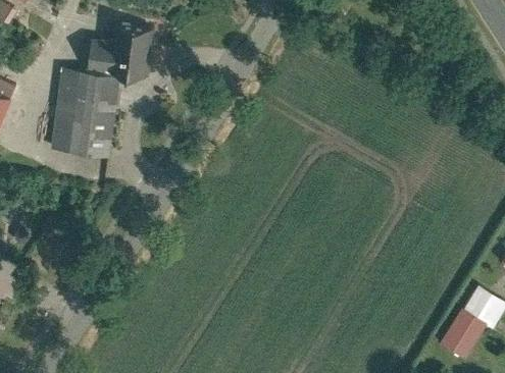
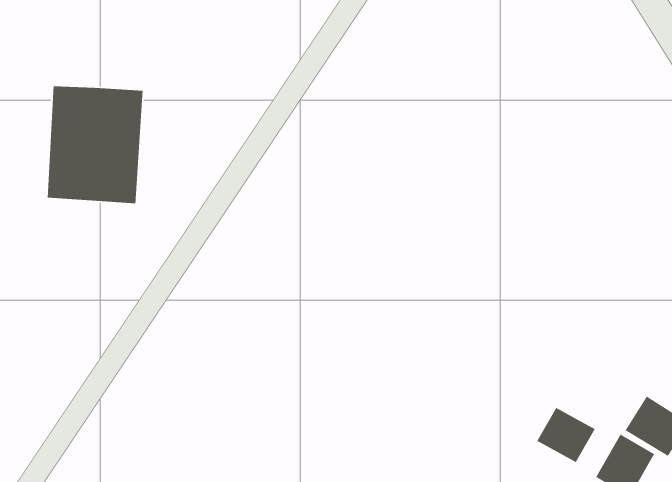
building: [89,25,153,76] -> none
building: none -> [536,407,596,463]

